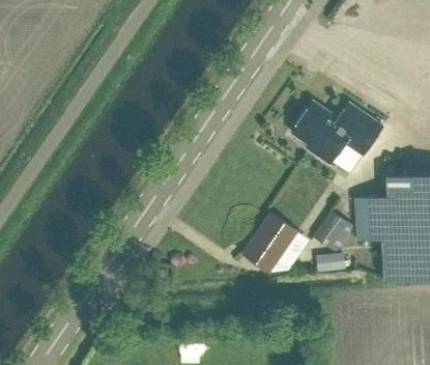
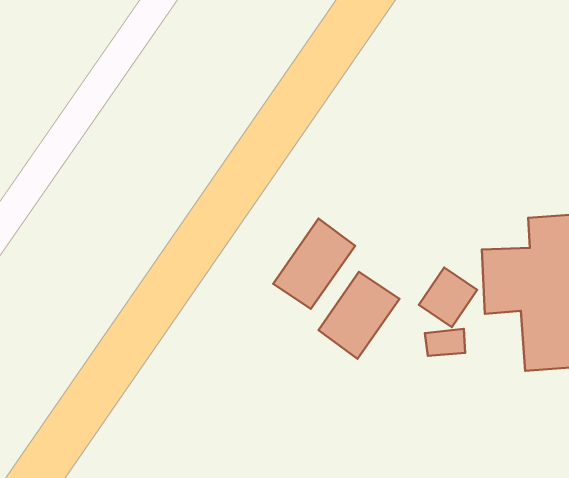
building: [296,101,388,162] -> none
building: none -> [273,219,355,309]

